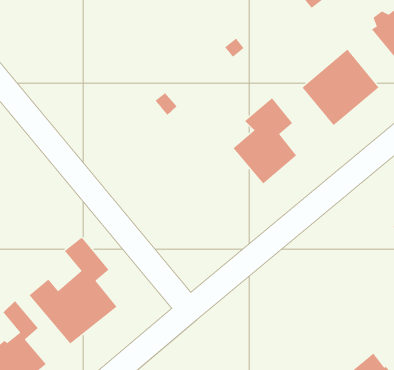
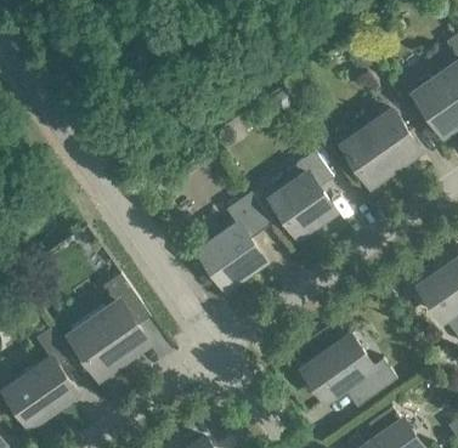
building: none -> [198,193,271,287]
building: none -> [301,335,395,401]

